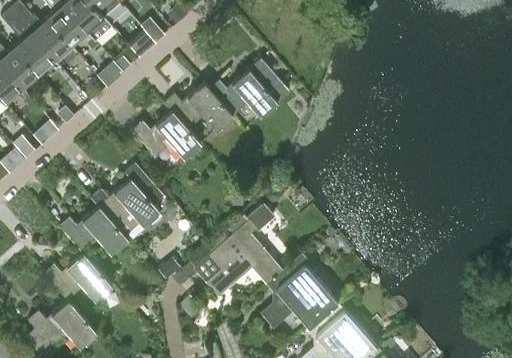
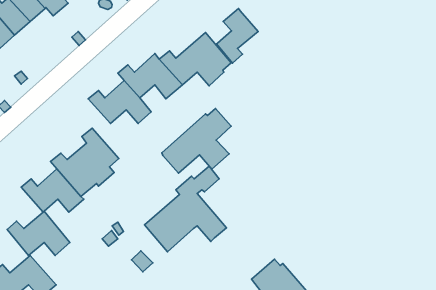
building: none -> [216,8,258,63]
building: none -> [162,108,231,173]
building: [263,255,338,329] -> none

